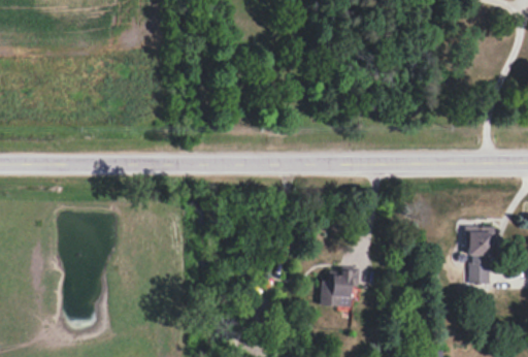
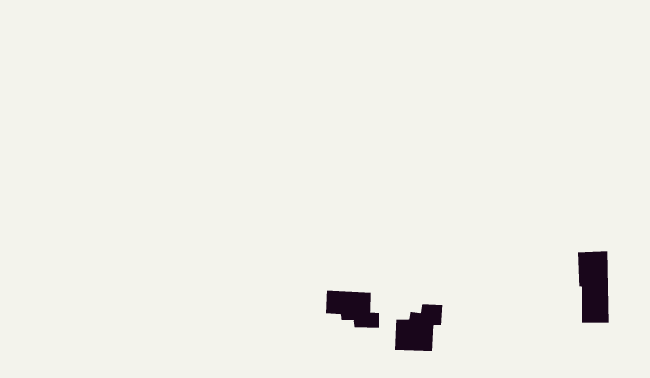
building: none -> [325,290,380,329]

